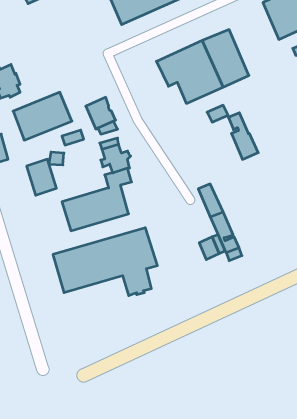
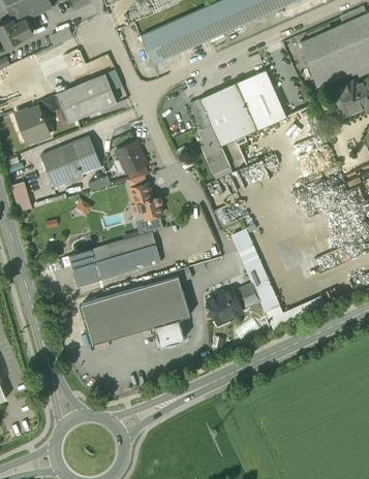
building: none -> [57,74,117,123]
building: [228,113,258,159] -> [199,126,230,174]
building: [27,159,56,195] -> [69,250,100,287]
building: none -> [208,290,242,321]

